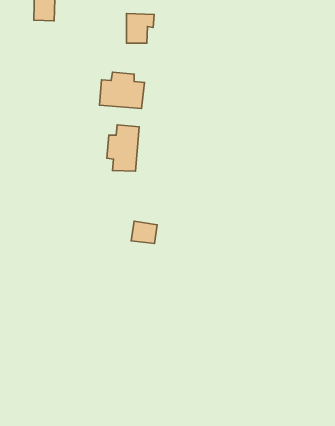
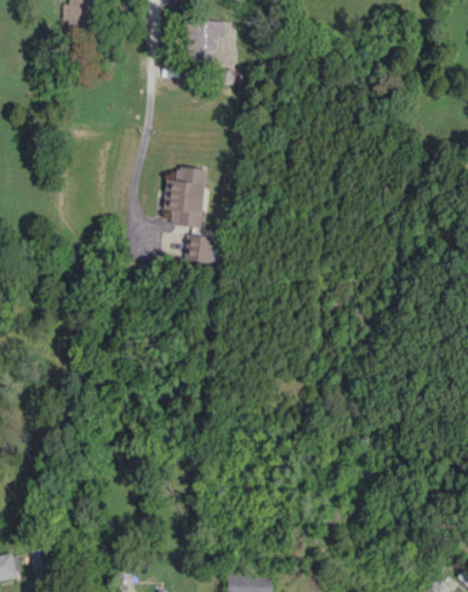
building: [99,72,144,109] -> none
building: [131,221,157,243] -> [186,234,219,263]

